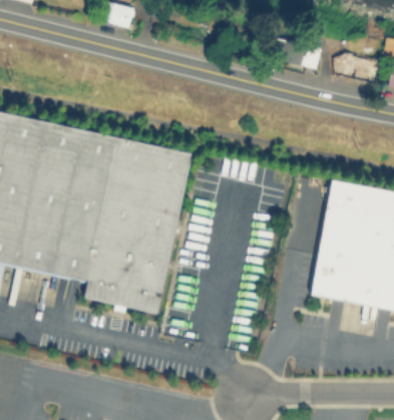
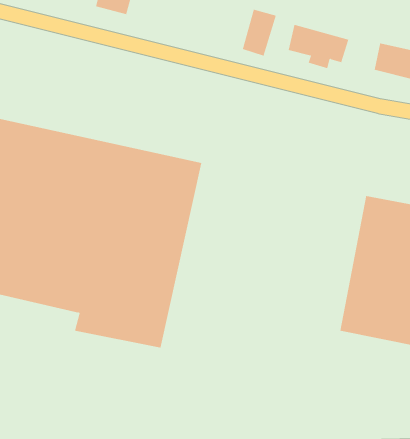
building: none -> [242,9,277,56]

